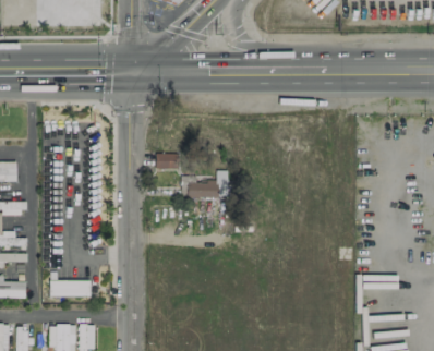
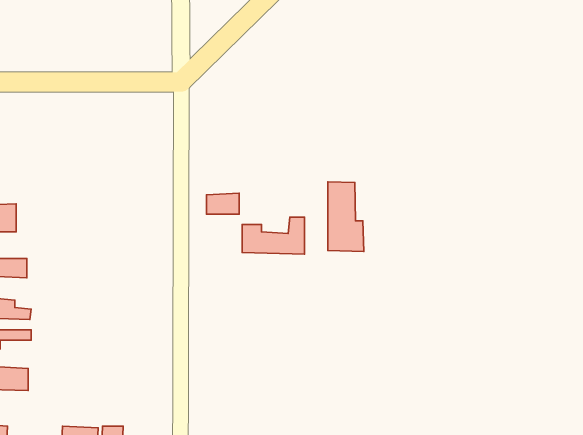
building: none -> [328,182,364,251]
building: [49,281,91,298] -> none

